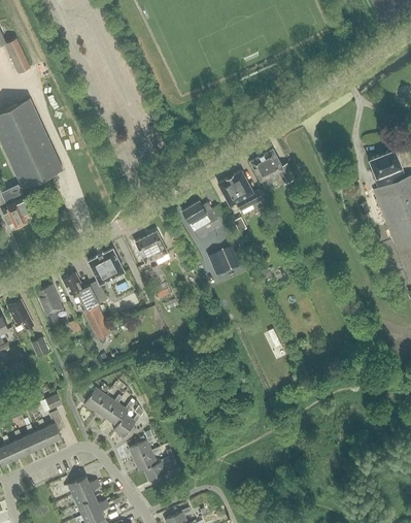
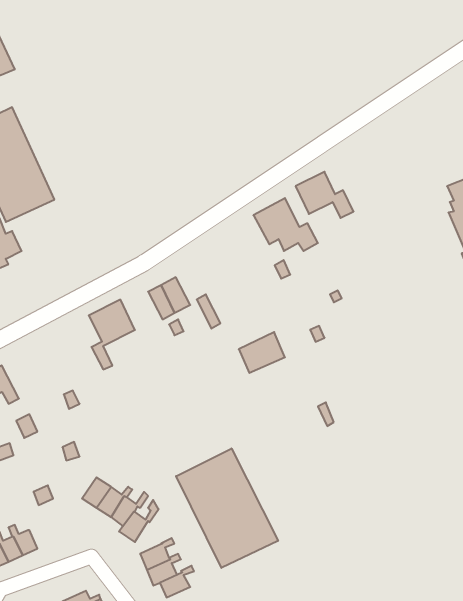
building: [182,202,217,231] -> none
building: [209,242,245,274] -> [239,332,285,373]
building: [63,273,111,339] -> none
building: [37,285,63,331] -> none
building: none -> [176,448,278,568]
building: [38,411,64,444] -> none

